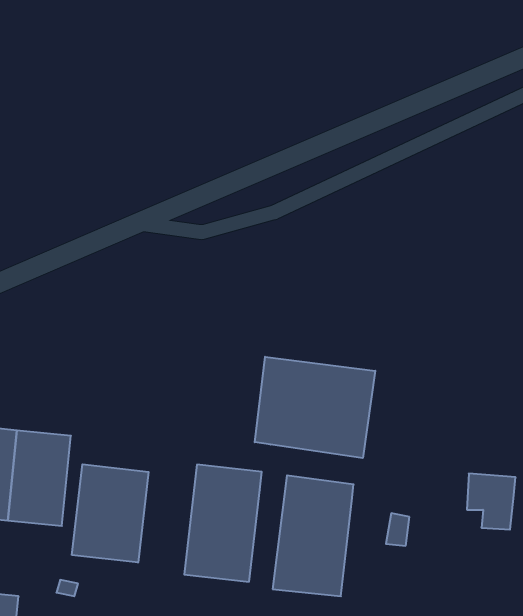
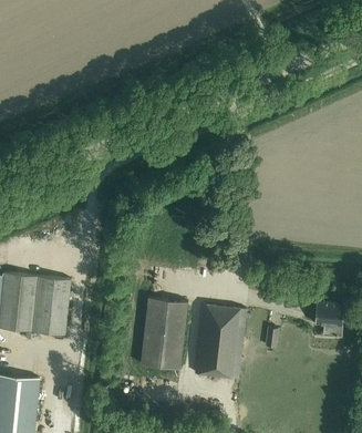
building: [255,357,375,458] -> none
building: [72,464,149,563] -> none

